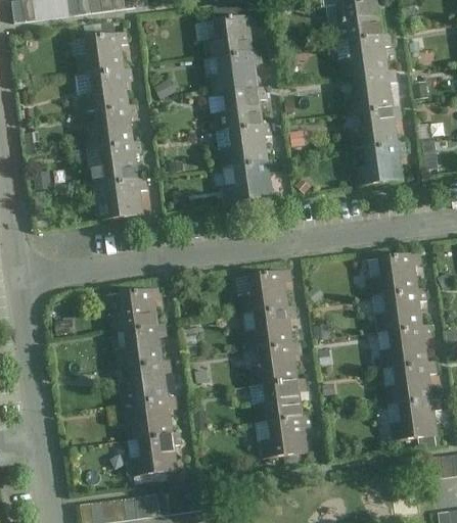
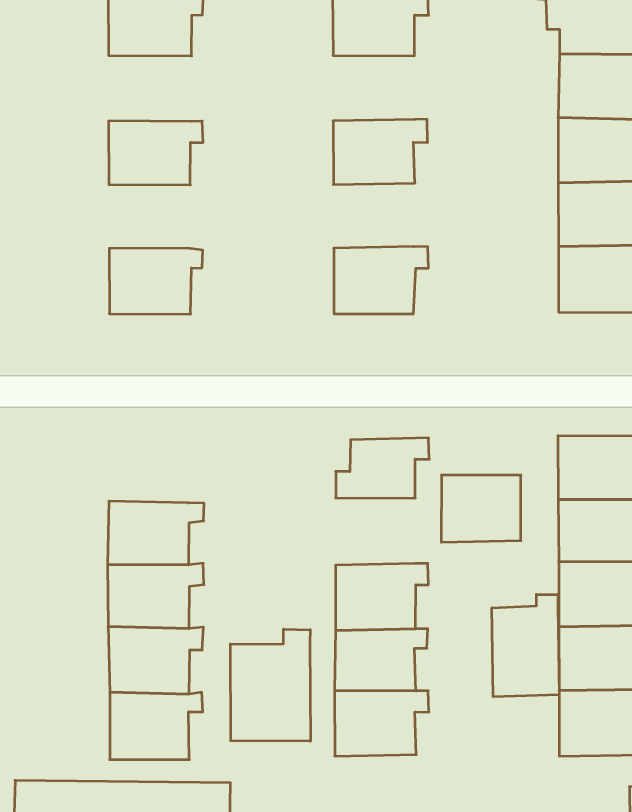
building: [207,47,264,93] -> none
building: [77,66,133,110] -> none
building: [217,121,273,167] -> none
building: [87,140,142,184] -> none
building: [106,287,164,330] -> none
building: [242,304,293,349] -> [441,475,521,542]
building: none -> [492,594,559,697]
building: none -> [230,629,310,741]

